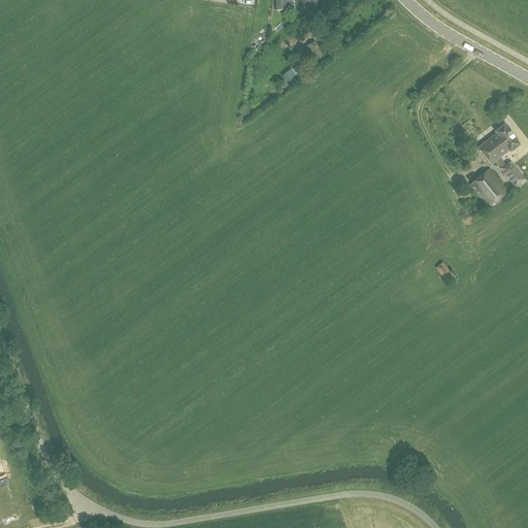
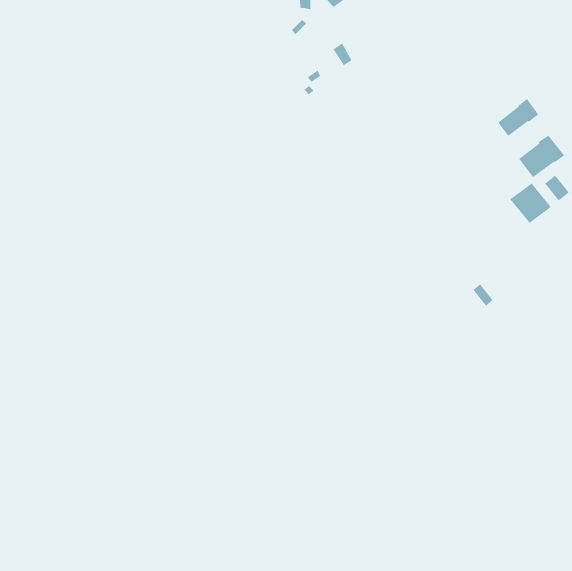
building: none -> [497,98,539,137]

